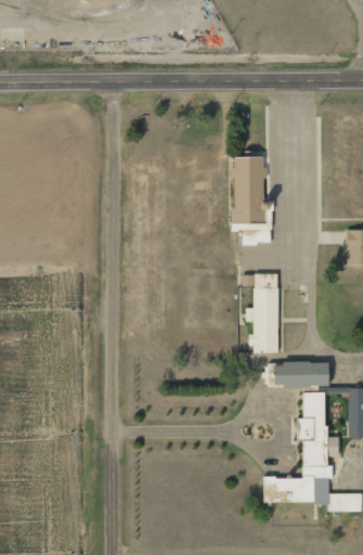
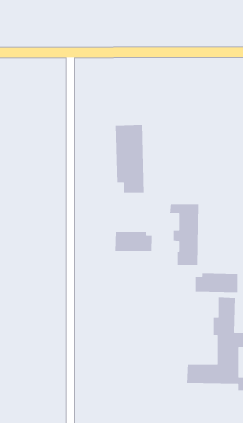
building: [232,155,270,243] -> [115,124,145,193]
building: none -> [115,231,153,252]

